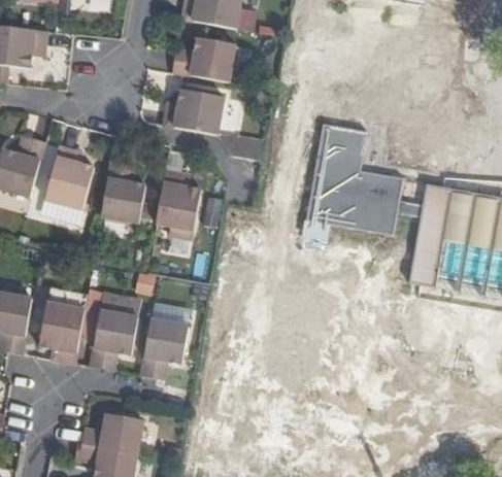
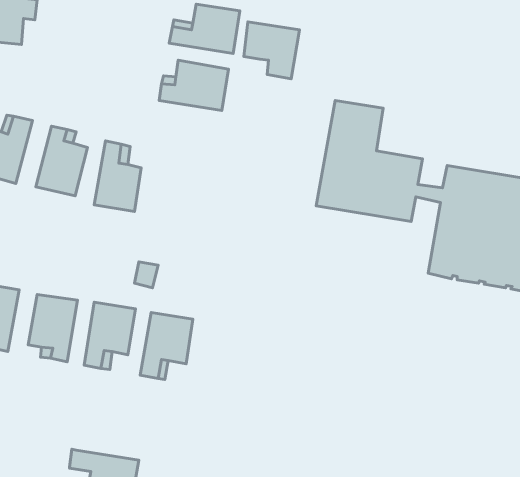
building: none -> [244,22,300,79]
building: [156,169,199,240] -> none
building: [83,413,146,453] -> none

